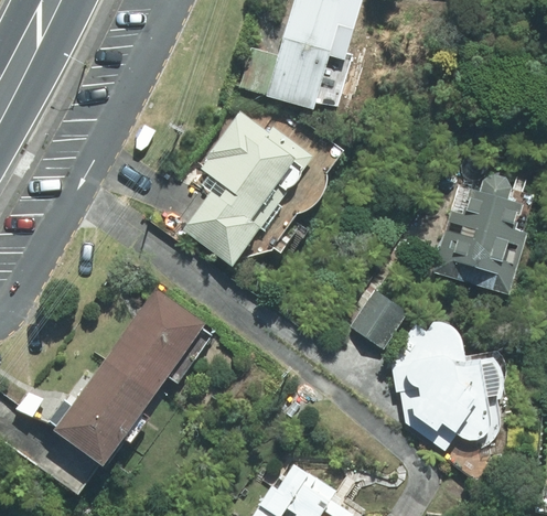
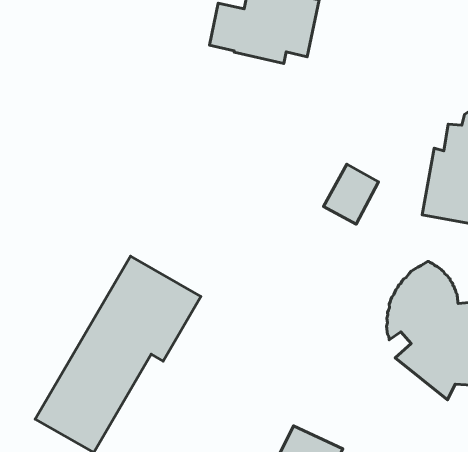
building: [187,114,313,268] -> none
building: [348,291,404,350] -> [323,164,379,224]

